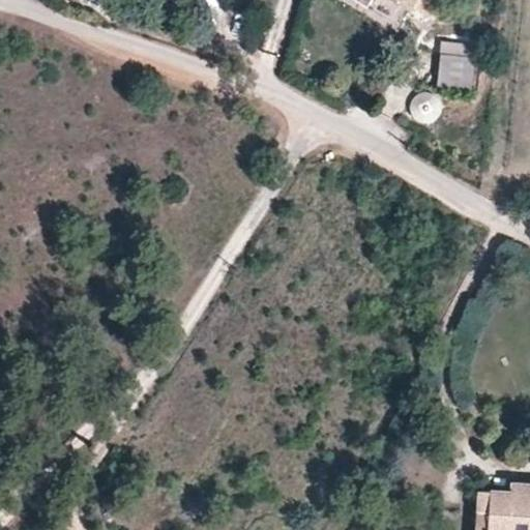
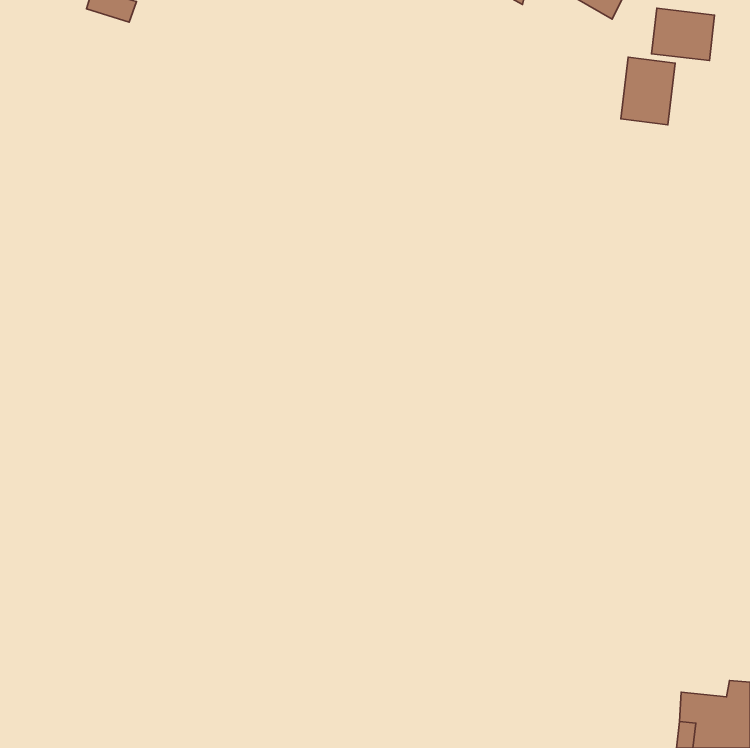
building: none -> [652,8,715,61]

